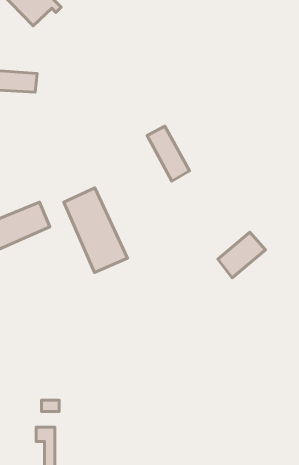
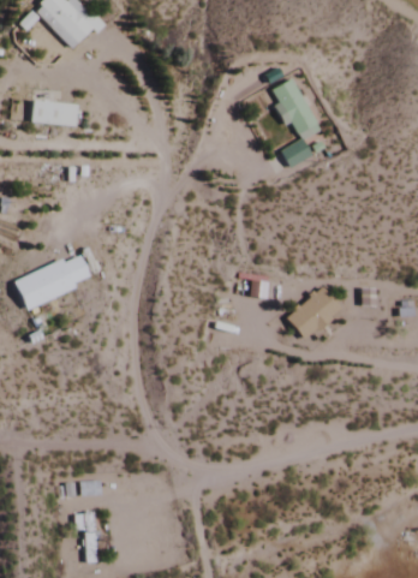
building: [147,126,190,181] -> [270,78,320,142]
building: [64,188,127,272] -> none

